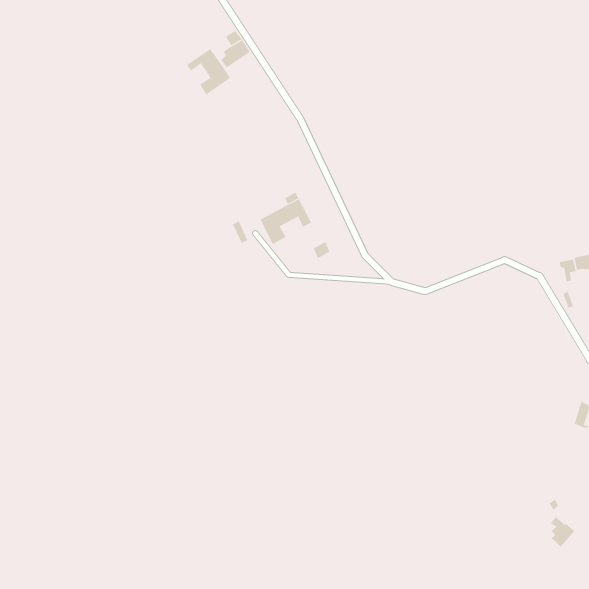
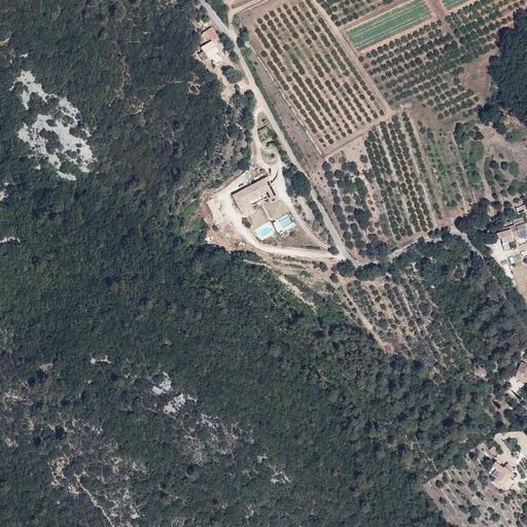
building: [186,48,231,95] -> none

